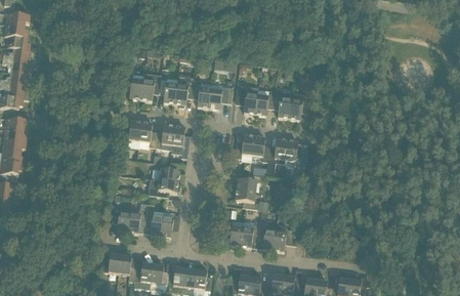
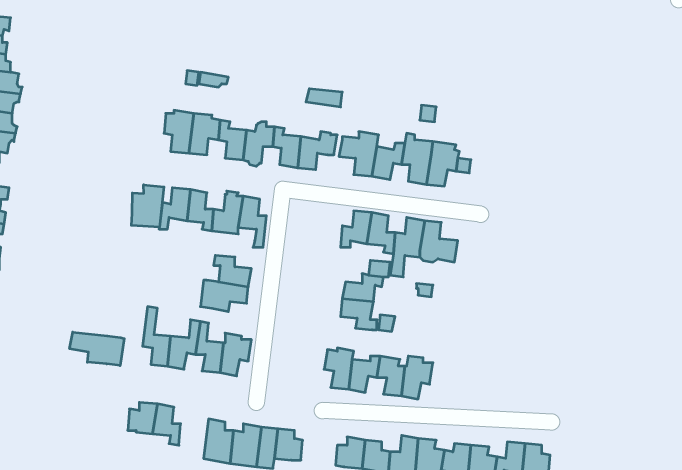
building: none -> [131,185,164,227]
building: none -> [70,332,124,366]
building: [133,262,153,288] -> none

